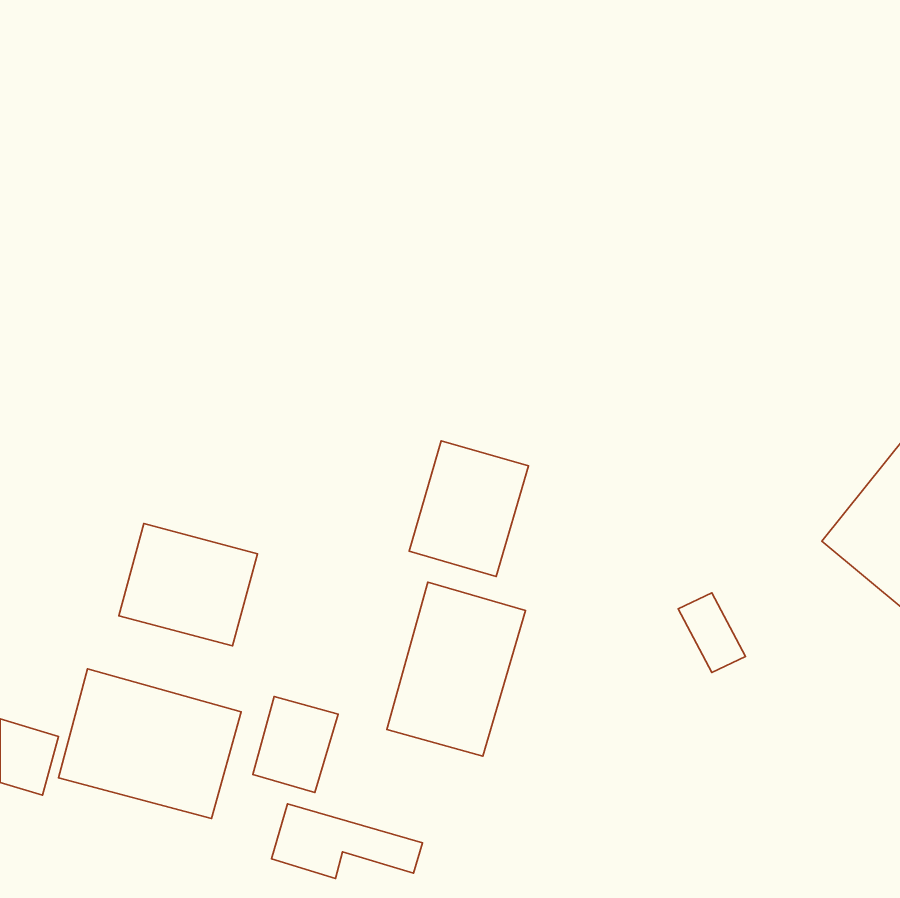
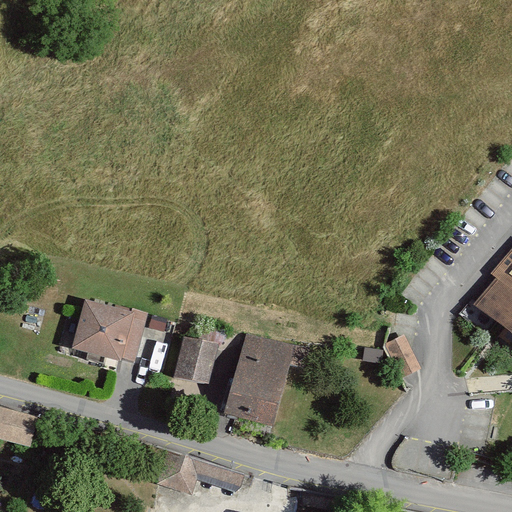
building: [409,441,528,576] -> none
building: [58,669,241,818] -> none
building: [253,697,338,792] -> [171,334,219,388]

